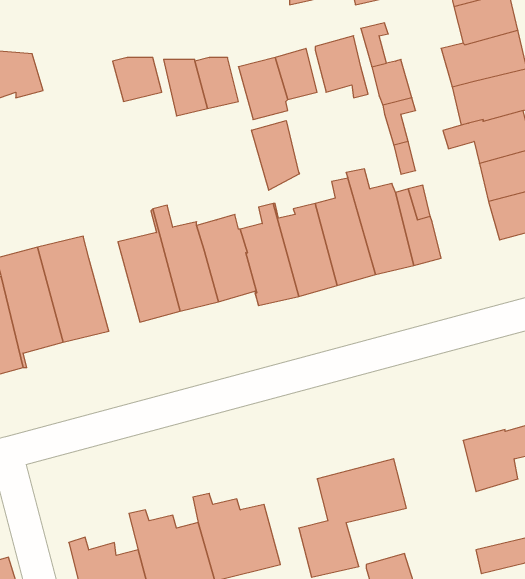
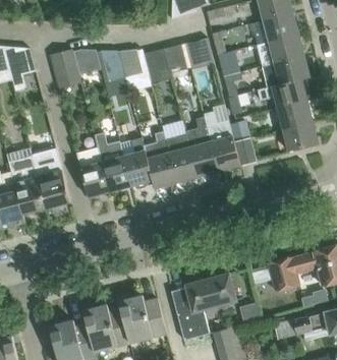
building: none -> [52,52,80,87]
building: [252,121,299,190] -> none

